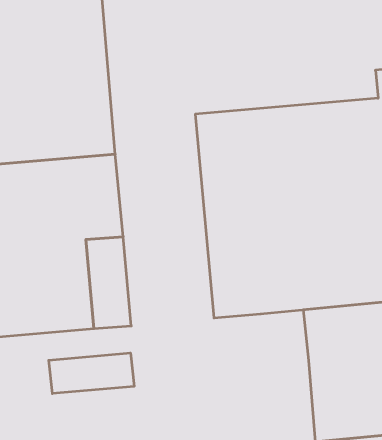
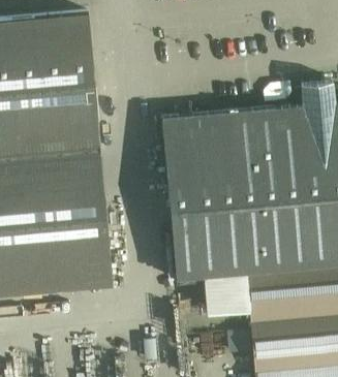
building: none -> [212,270,249,312]
building: [49,353,134,394] -> none

